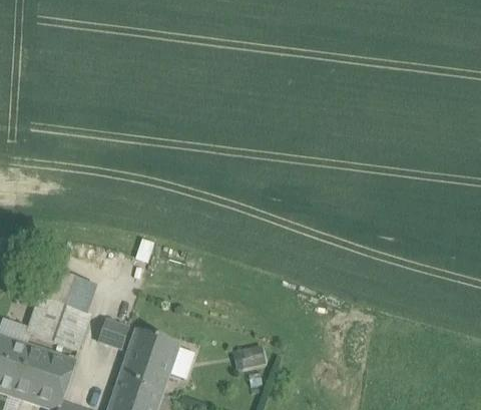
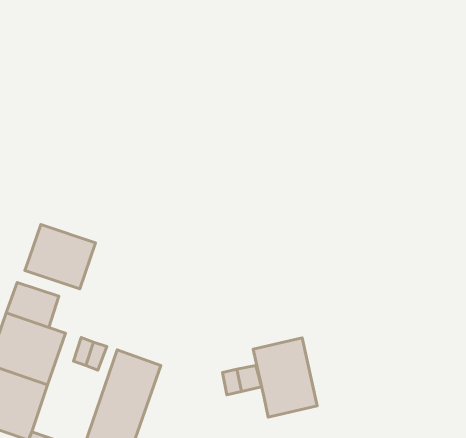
building: none -> [25,225,95,289]
building: none -> [253,338,317,417]

